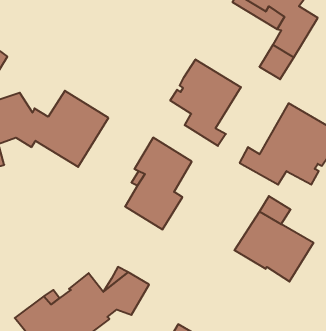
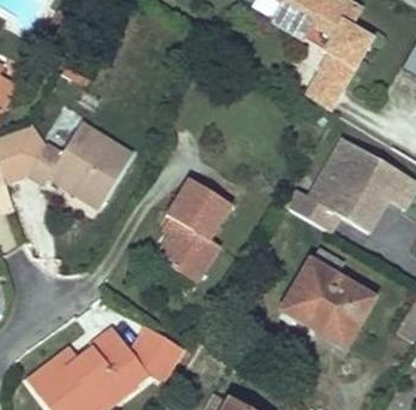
building: [170,59,241,146] -> none

